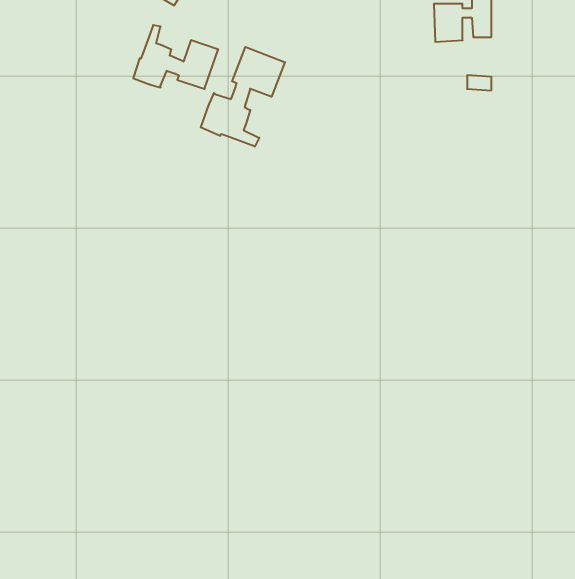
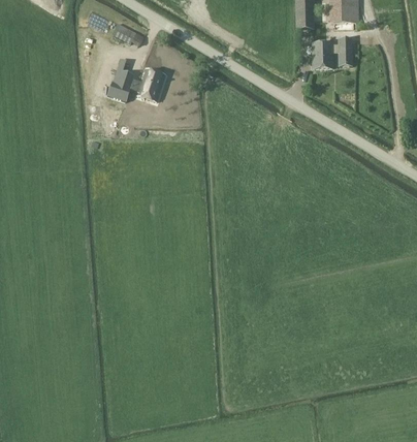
building: [201,47,285,147] -> none

